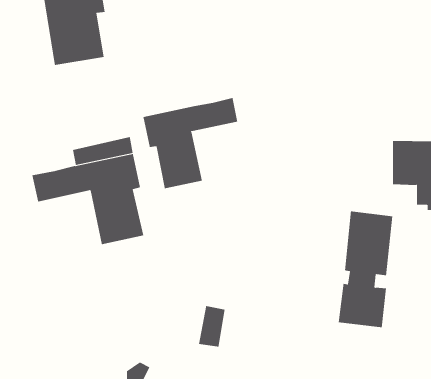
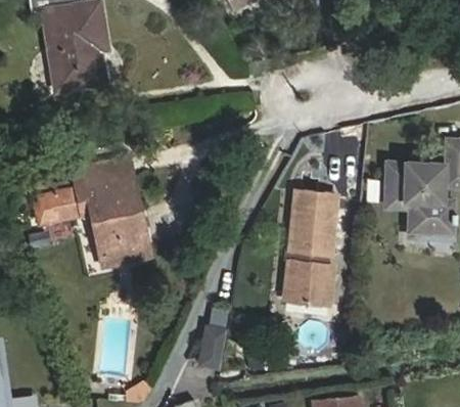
building: [143,97,238,189] -> none
building: [338,211,393,328] -> [284,190,338,305]

